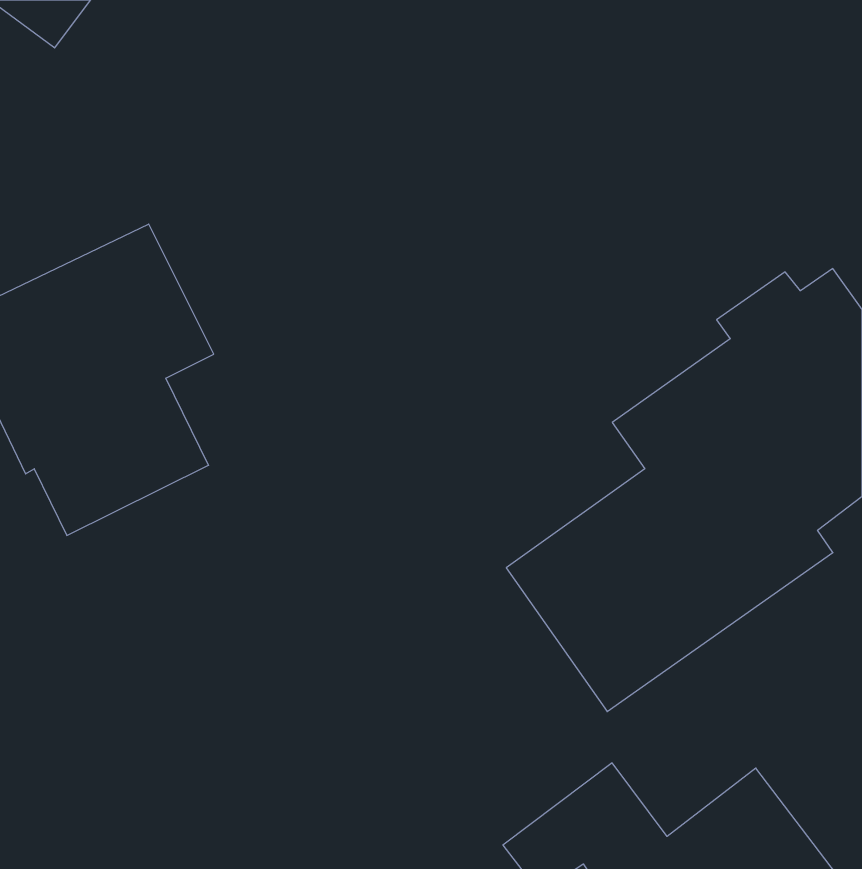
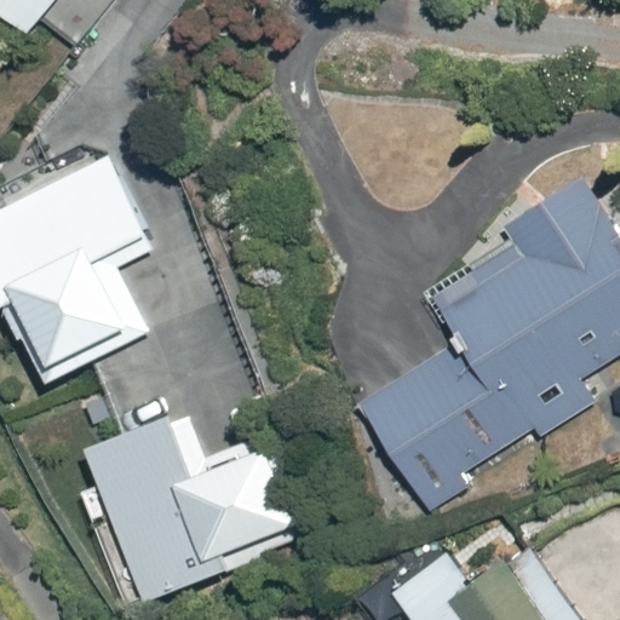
building: none -> [81,406,304,608]

